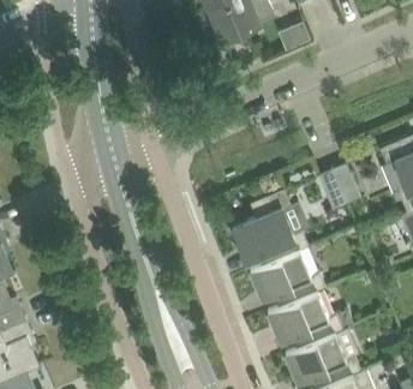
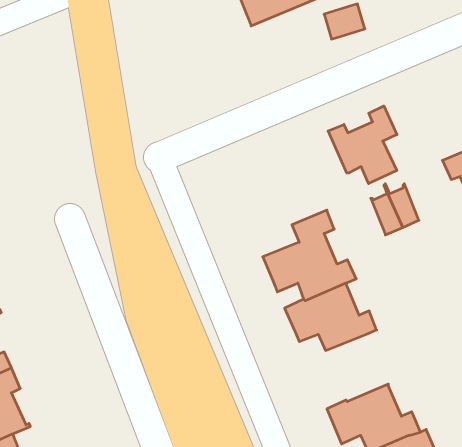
building: none -> [328,106,397,184]
building: [268,292,354,347] -> none

